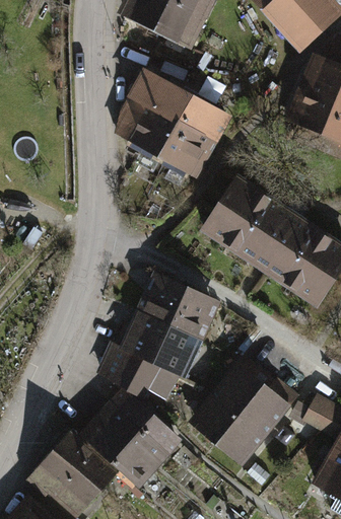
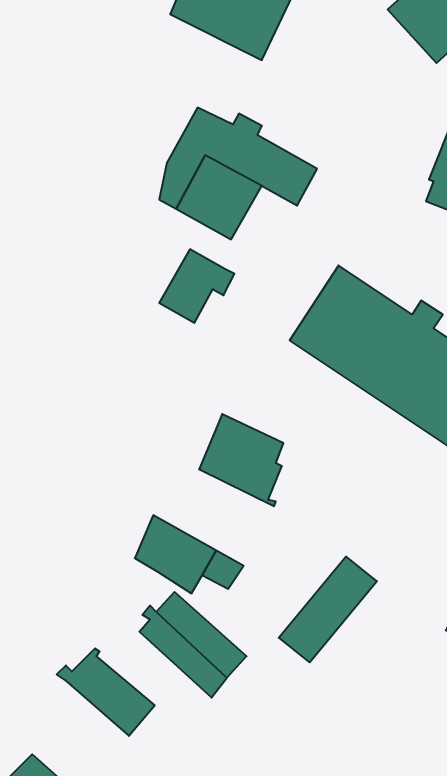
building: [167,127,217,175] -> [159,249,234,323]
building: [129,314,196,375] -> none
building: [219,383,295,459] -> none
building: [84,422,154,486] -> none
building: [32,454,99,510] -> none

